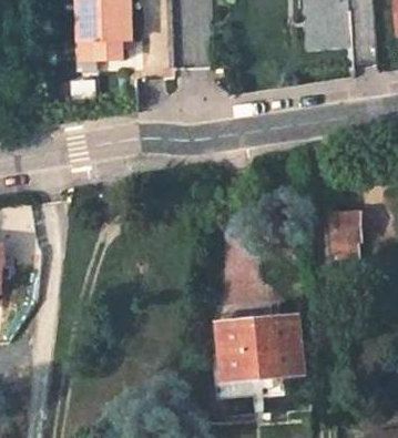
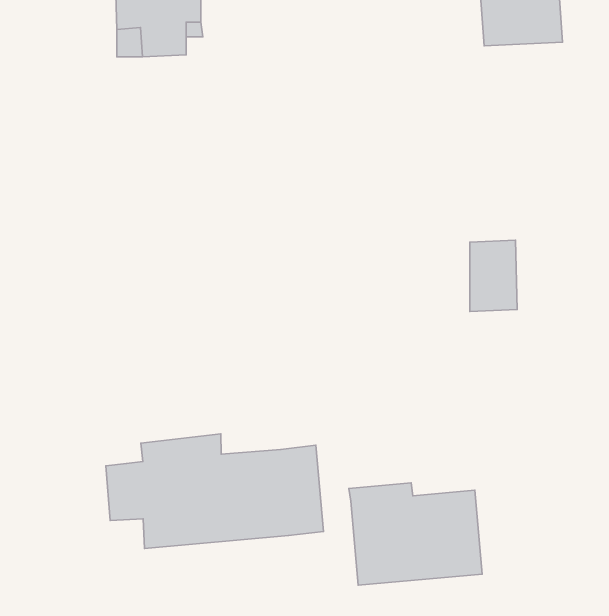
building: [329,211,358,254] -> [470,240,517,311]
building: none -> [106,434,324,548]

